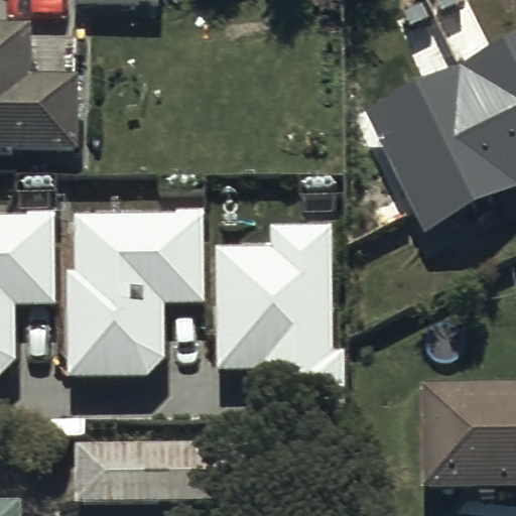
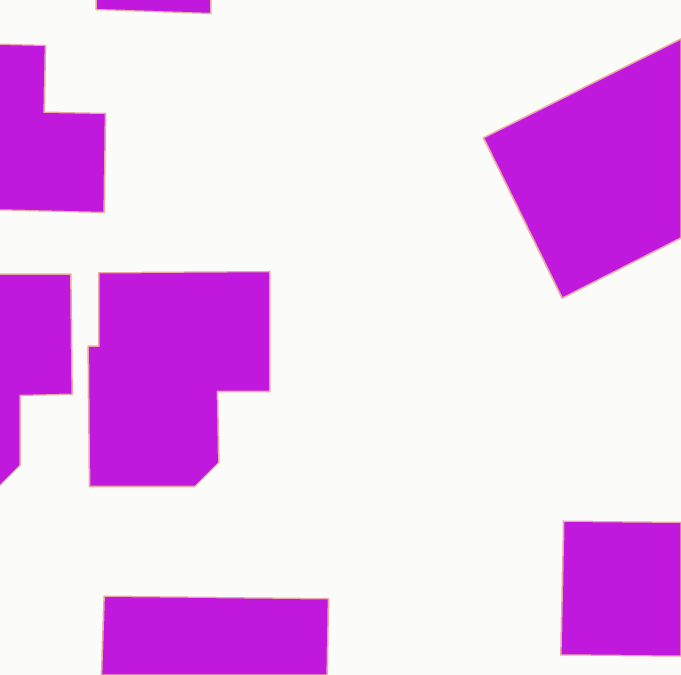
building: [216,216,347,405] -> none

